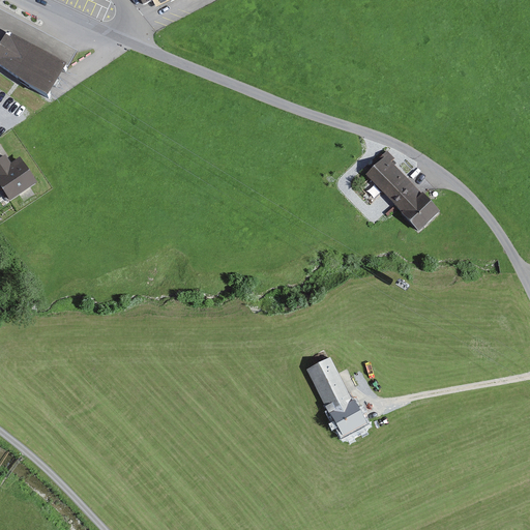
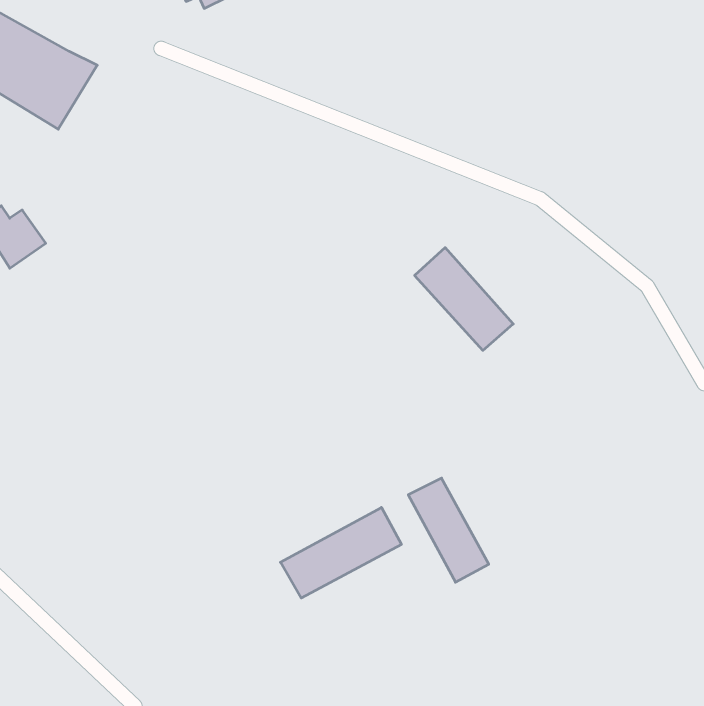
building: [364,152,438,229] -> [415,248,513,350]
building: none -> [280,507,401,598]

